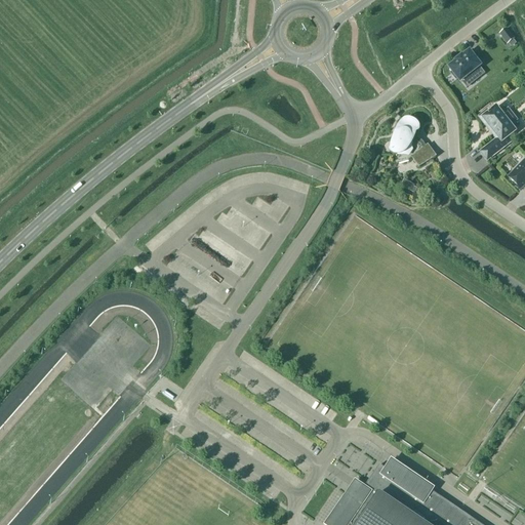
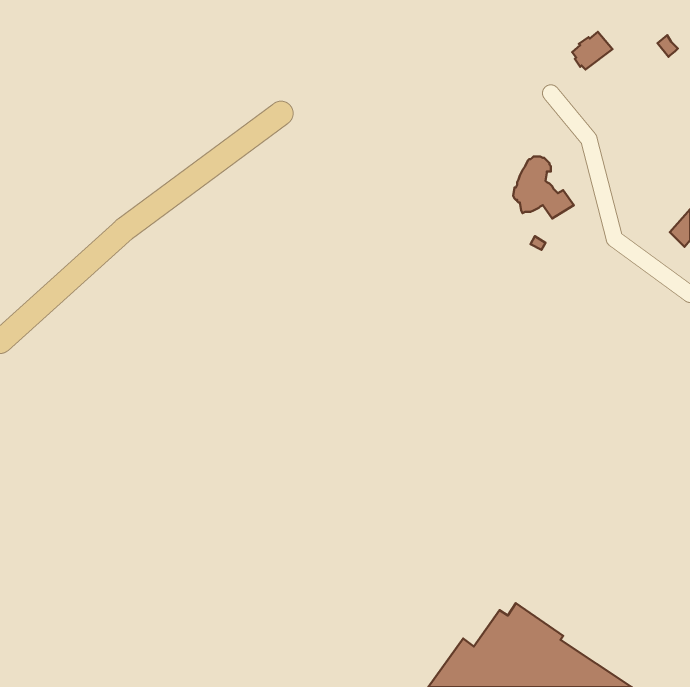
building: [450,51,481,80] -> [572,32,613,70]
building: [483,107,516,156] -> none

